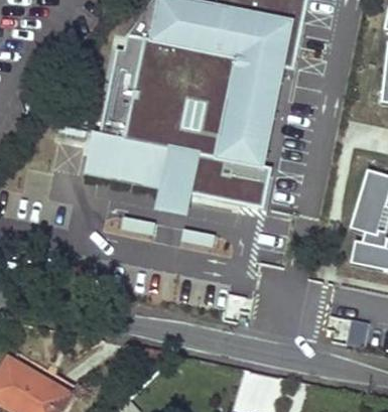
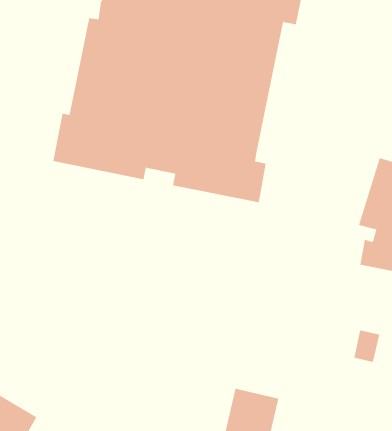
building: [161,178,191,216] -> none

